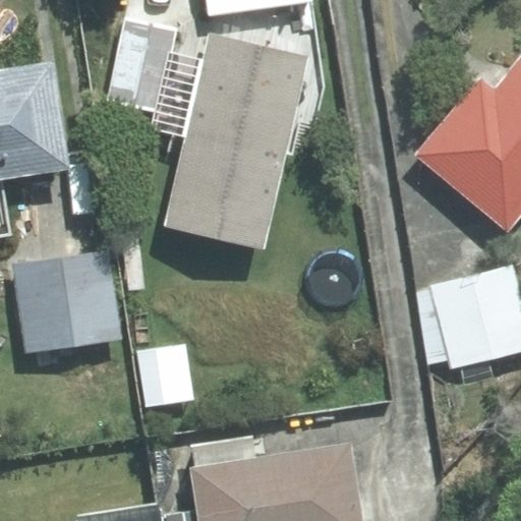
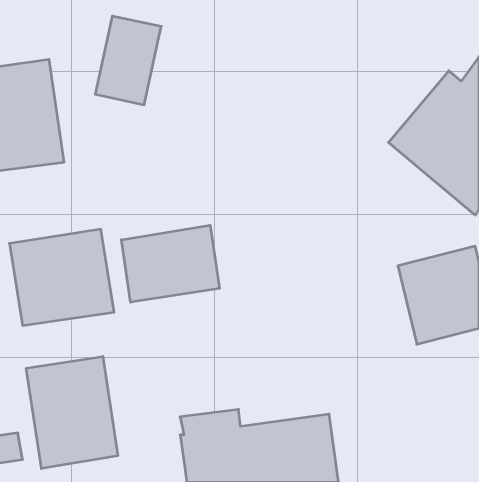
building: [163,36,308,250] -> none
building: none -> [121,225,220,302]
building: none -> [26,356,118,469]

